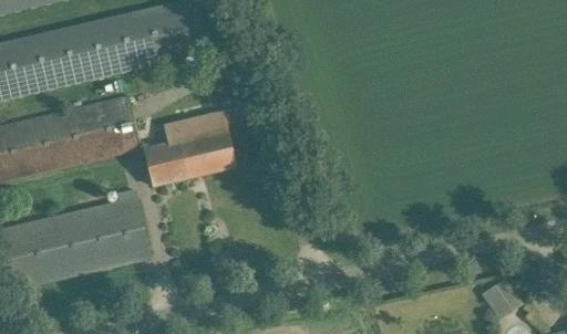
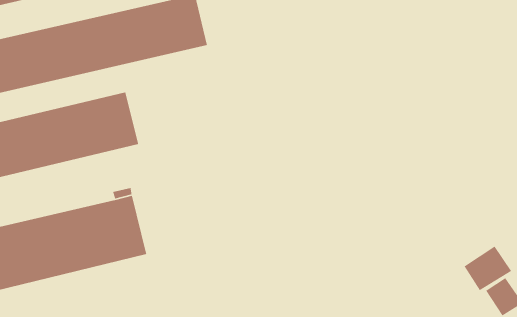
building: [145,106,258,186] -> none
building: none -> [463,246,512,291]

